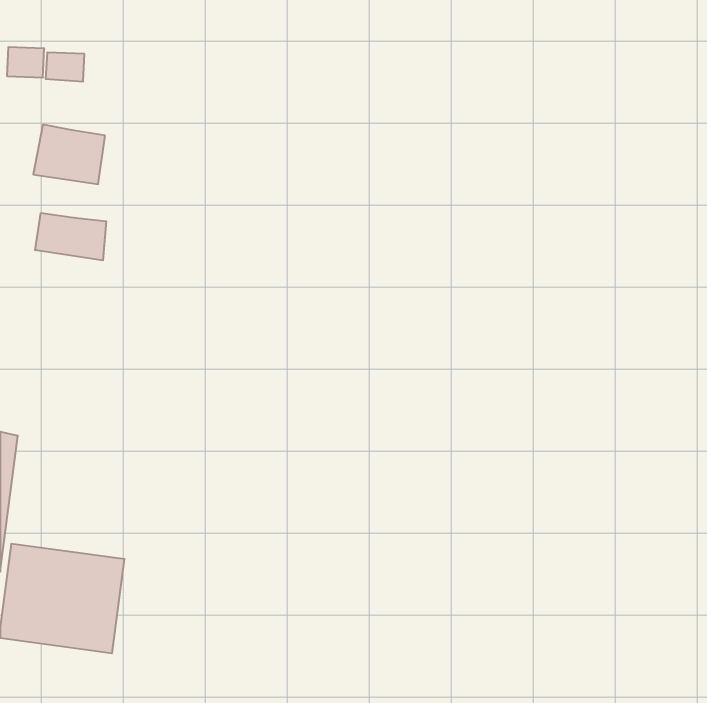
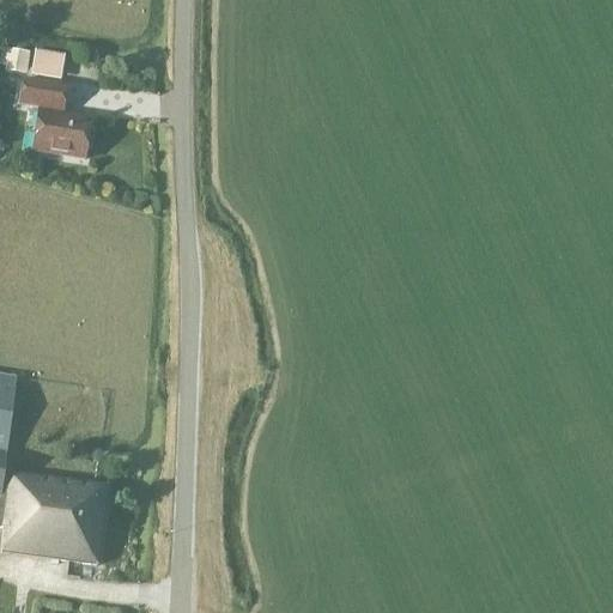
building: none -> [17,78,66,113]
building: [35,213,106,260] -> none

